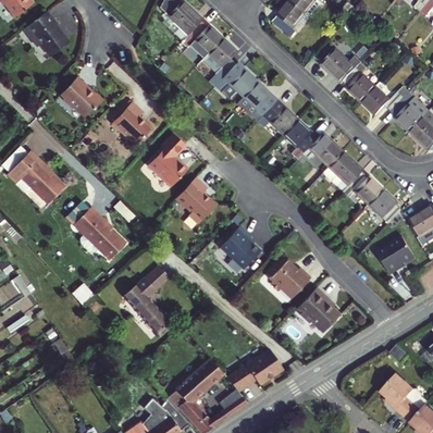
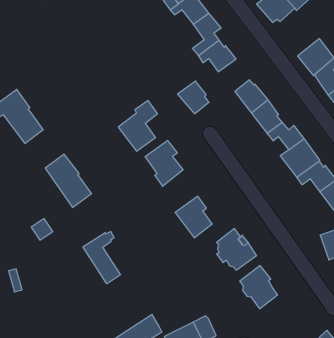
building: [60,78,104,117] -> none
building: [239,81,273,114] -> [178,81,209,114]
building: [112,104,151,148] -> none

